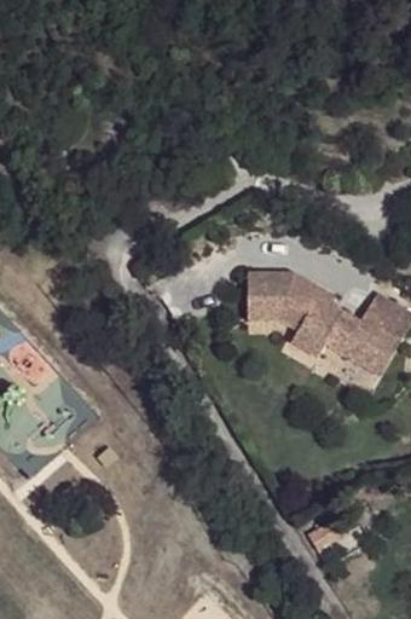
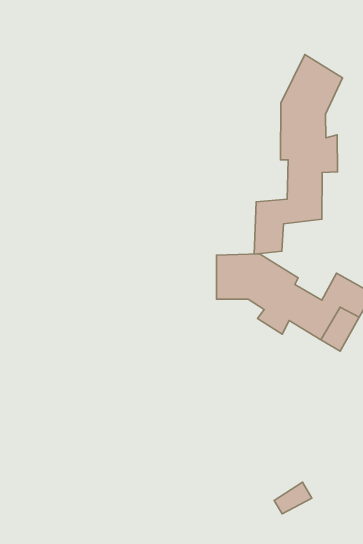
building: none -> [254,54,343,254]

